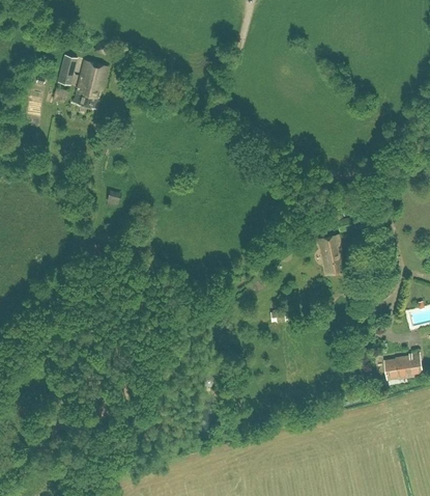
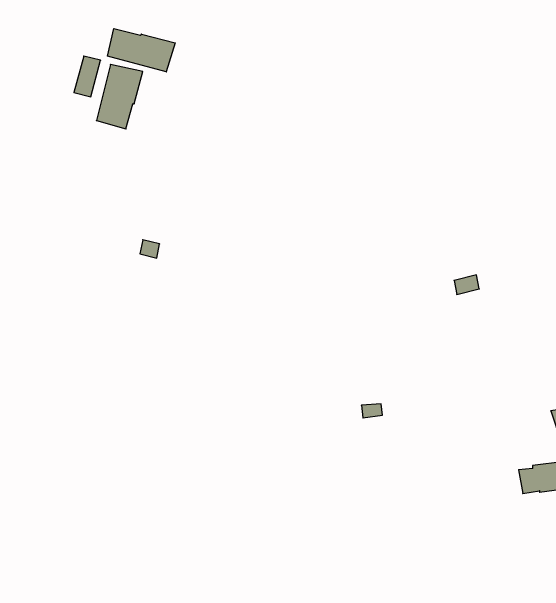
building: none -> [108,29,175,72]
building: [318,235,345,274] -> none

